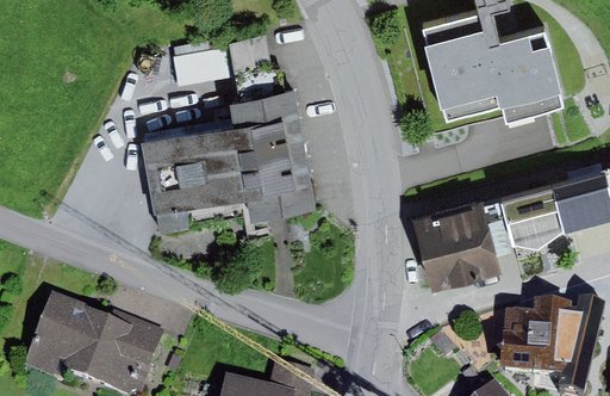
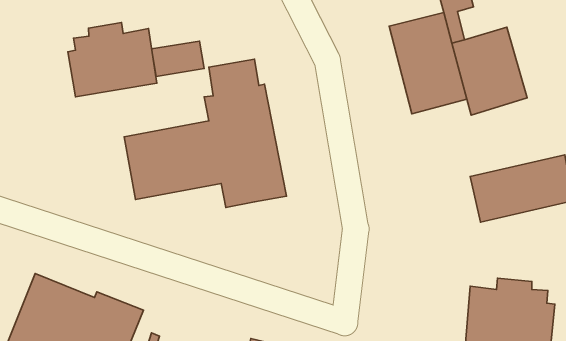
building: none -> [68,23,157,97]
building: [413,191,510,278] -> none

